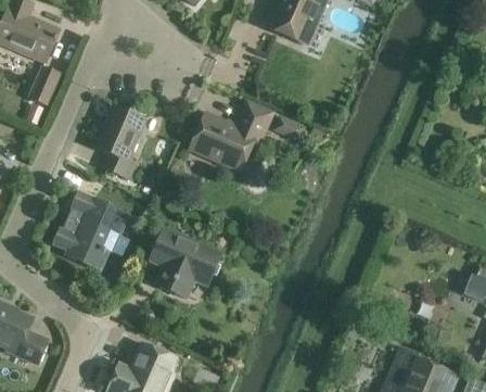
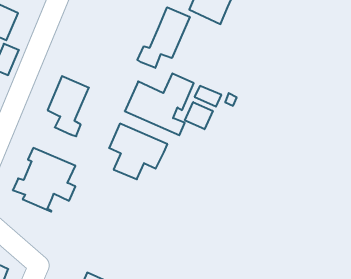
building: none -> [137,7,190,68]
building: none -> [185,102,213,129]
building: [151,229,221,296] -> [109,124,167,179]

